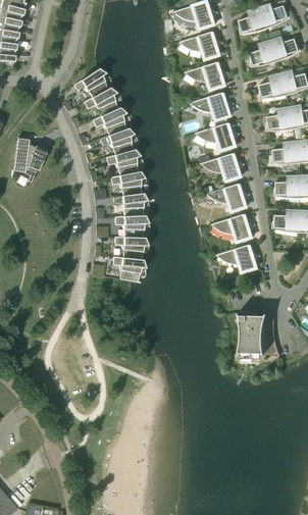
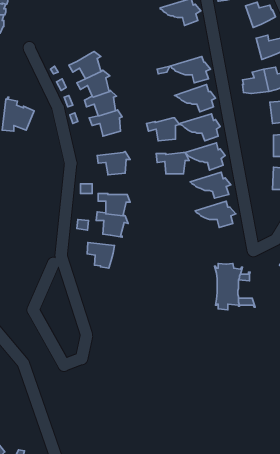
building: [249,40,277,67] -> none
building: [185,62,227,90] -> none
building: [73,68,108,98] -> none
building: [259,73,287,99] -> none
building: [271,141,298,164] -> none
building: [110,171,145,196] -> [147,118,180,141]
building: [273,175,299,198] -> none
building: [271,209,299,233] -> none
building: [114,215,149,238] -> [156,153,189,174]
building: none -> [87,243,114,268]

